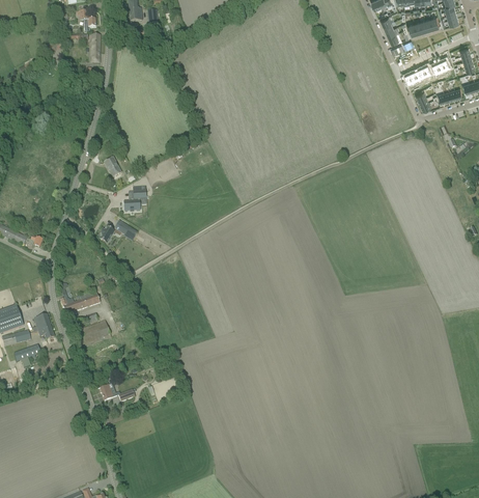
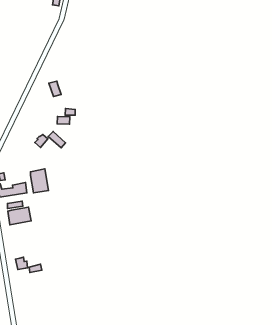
building: none -> [30,169,48,193]

